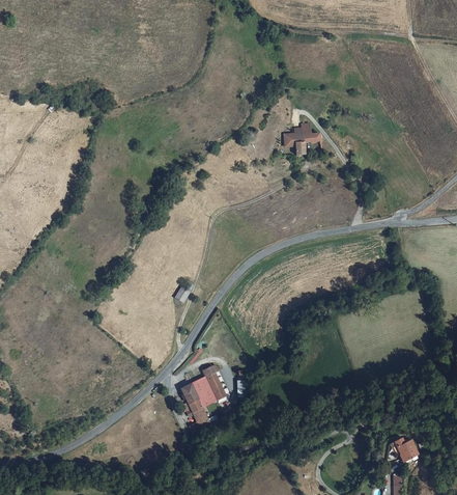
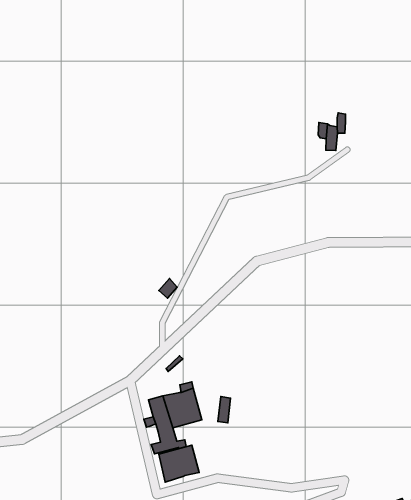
building: none -> [159,445,199,482]

